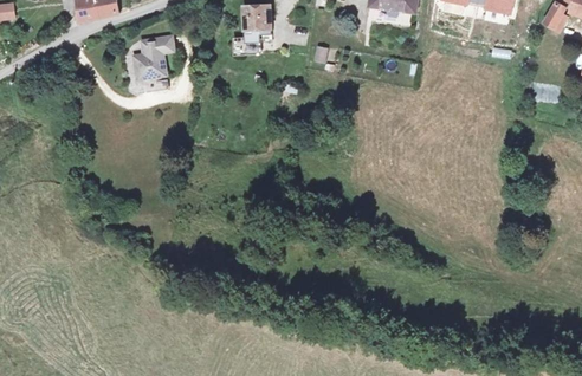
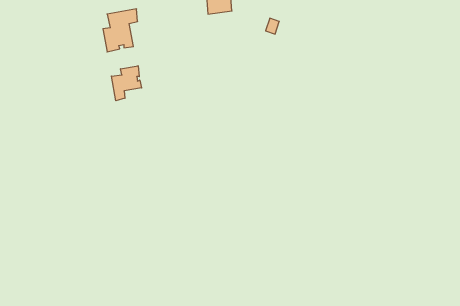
building: none -> [111,66,142,101]

